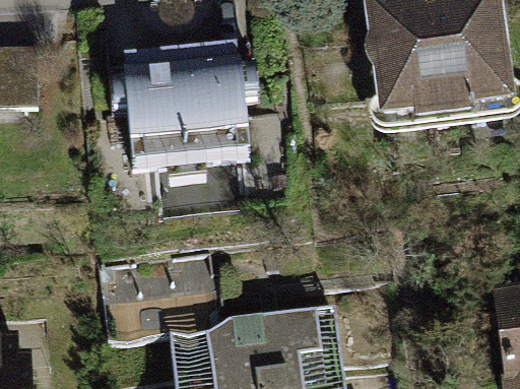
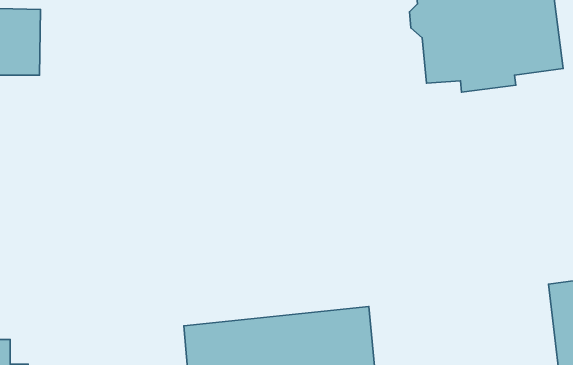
building: [109,48,258,159] -> none

